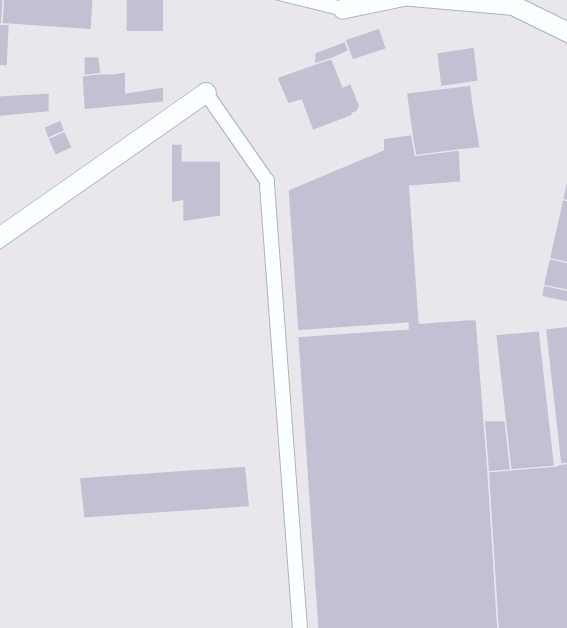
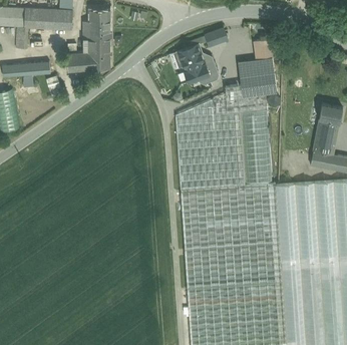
building: [171,144,221,222] -> [84,21,110,62]
building: none -> [240,109,272,184]
building: [79,466,250,518] -> none

